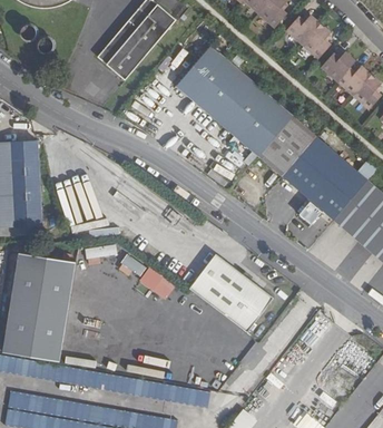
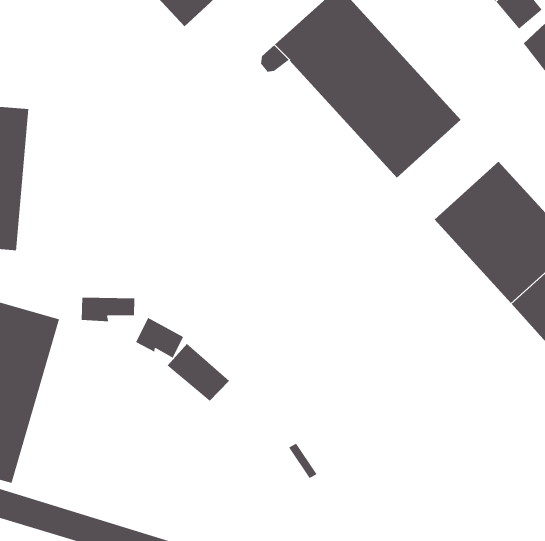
building: [257,115,315,175] -> none
building: [188,254,273,332] -> none

